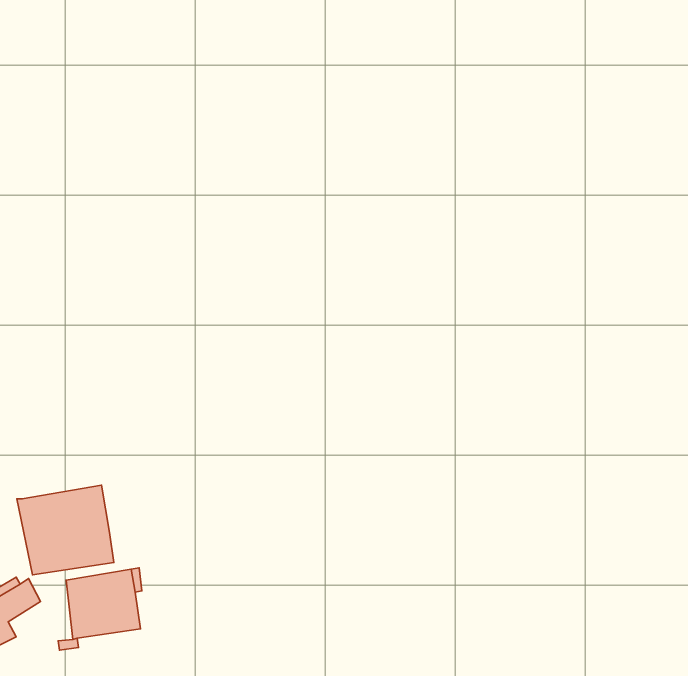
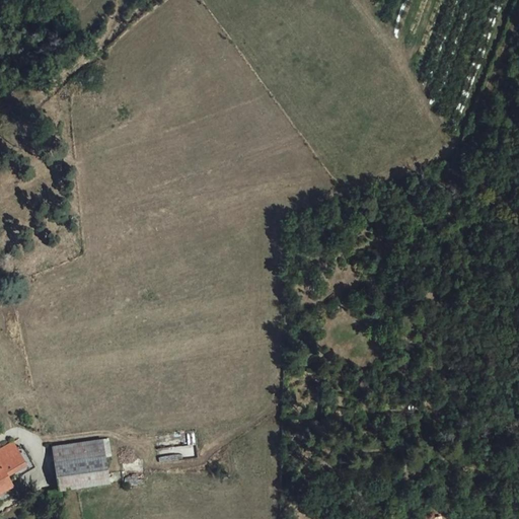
building: [17,485,114,575] -> none

